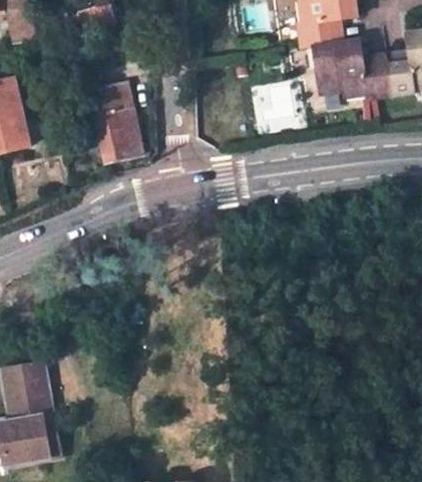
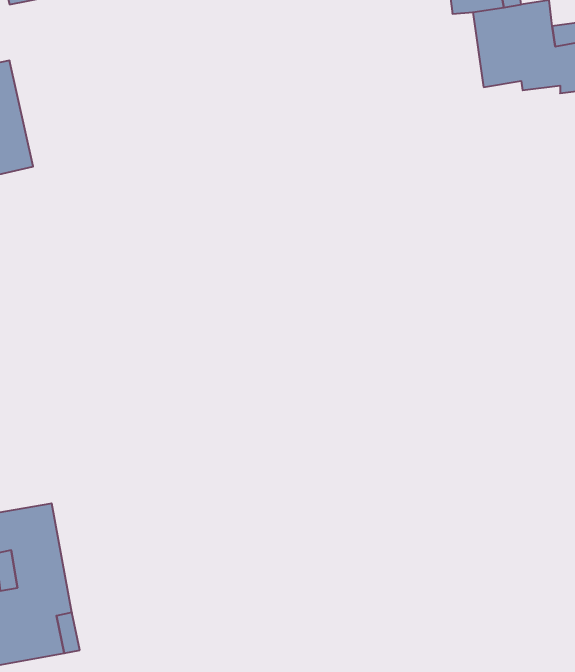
building: [88,83,145,162] -> none

